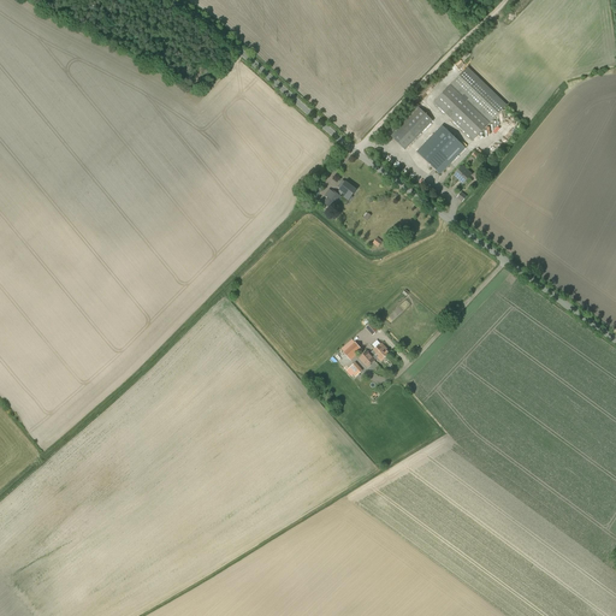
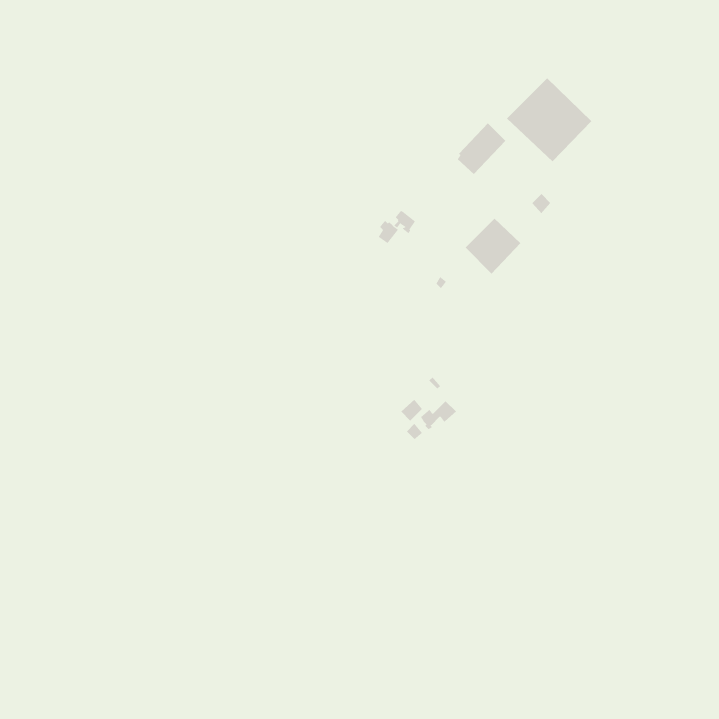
building: [416,125,464,173] -> [465,218,521,274]

